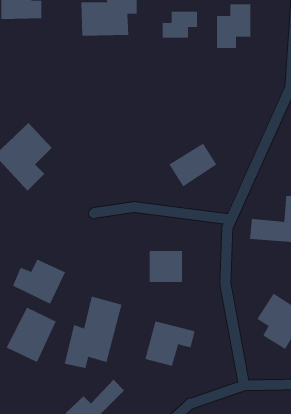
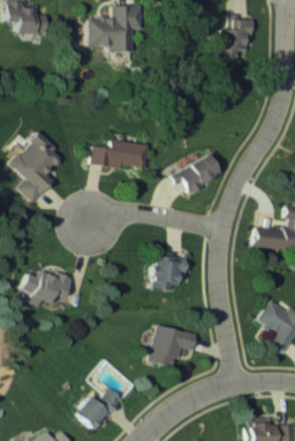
building: [162,11,198,38] -> none
building: none -> [95,140,150,171]
building: [64,296,122,369] -> none
building: [6,307,57,363] -> none

